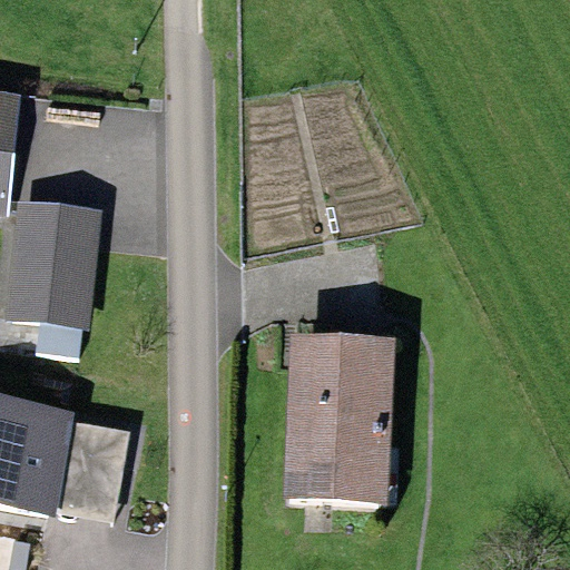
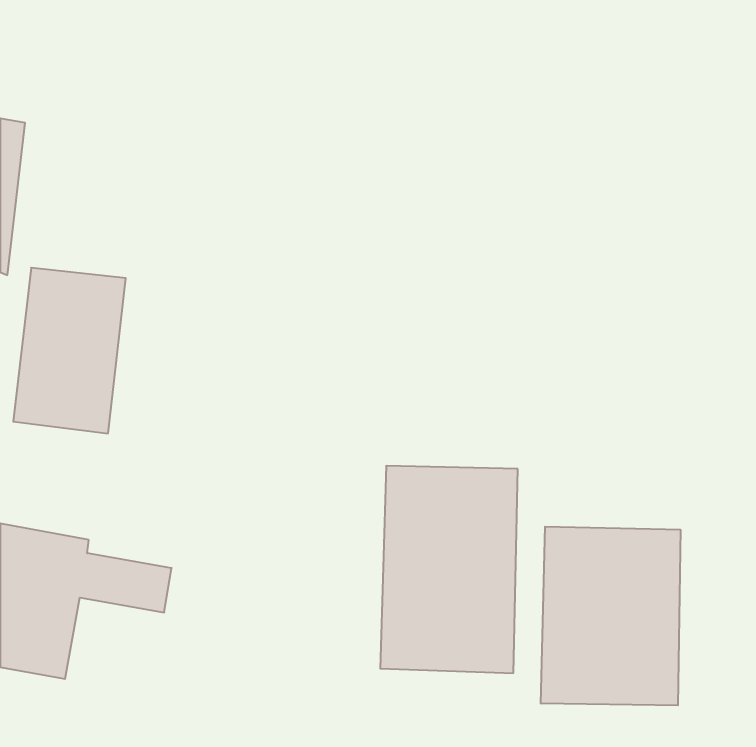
building: none -> [541,527,680,705]
building: [49,450,124,522] -> none

